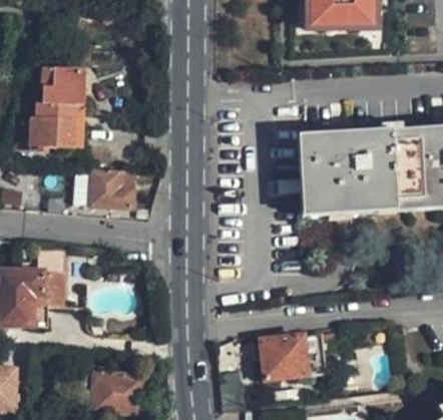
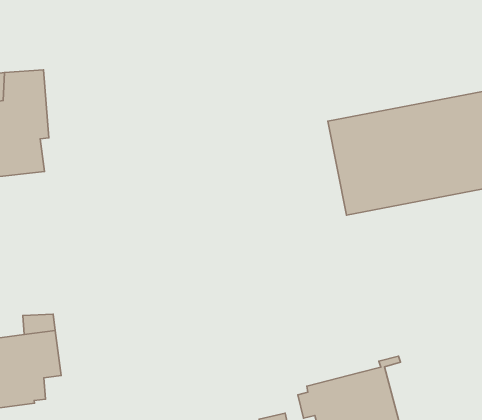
building: [72,166,133,205] -> none

